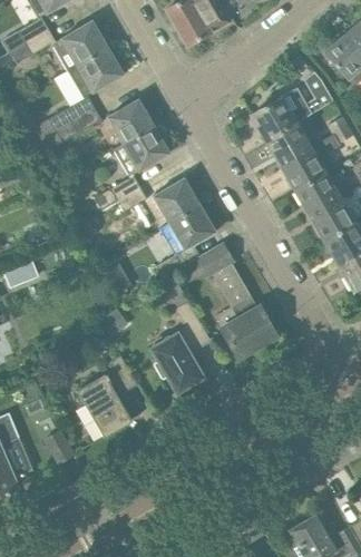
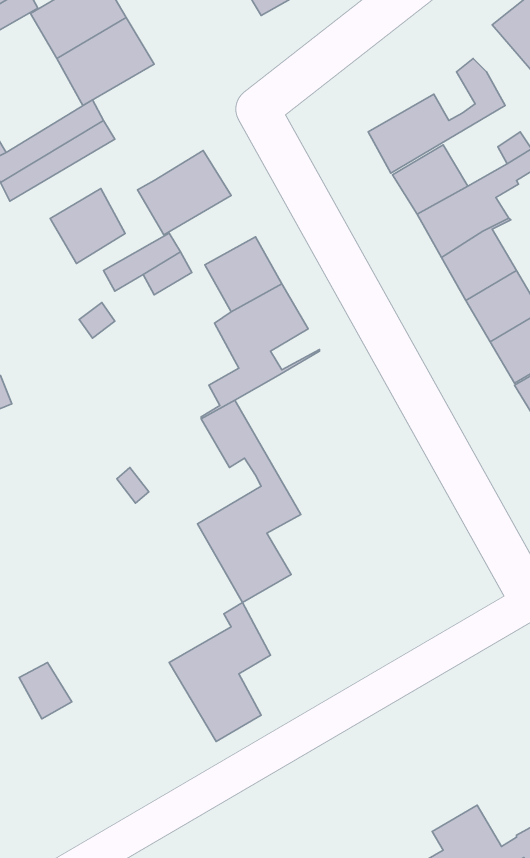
building: [108,99,153,144] -> [50,188,125,264]
building: [197,245,276,358] -> none
building: [76,354,136,437] -> [169,603,271,741]

